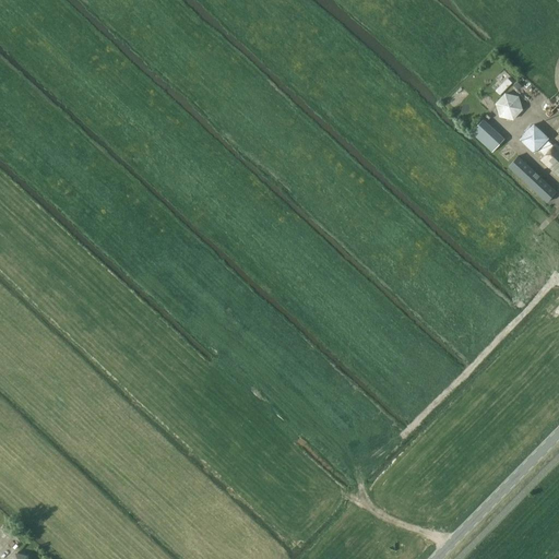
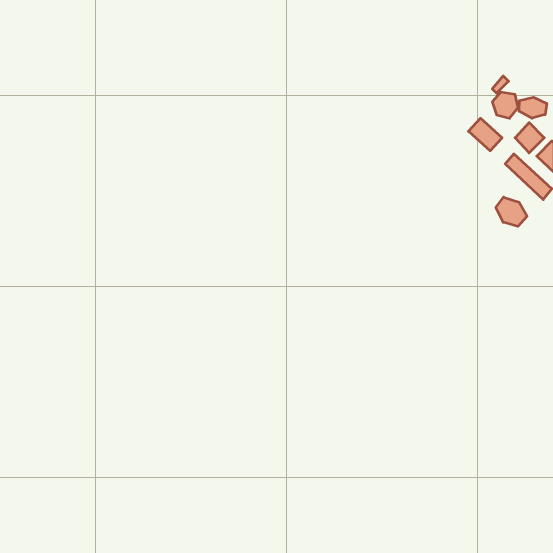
building: none -> [519,97,547,118]
building: none -> [496,197,527,226]

